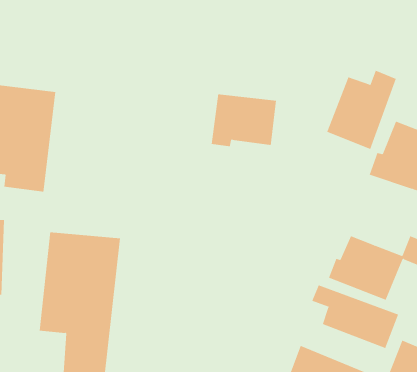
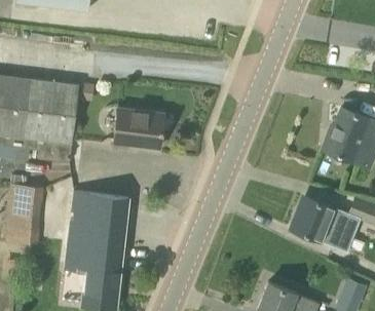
building: [326,70,396,150] -> none
building: [211,94,277,147] -> [113,109,164,150]
building: [312,285,399,349] -> none

